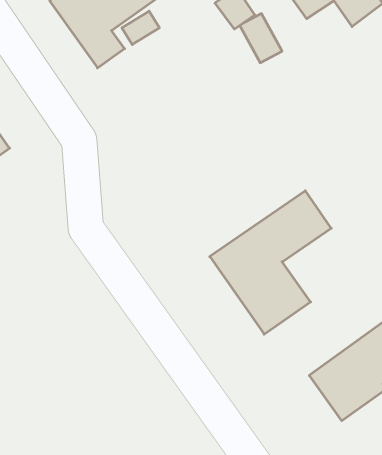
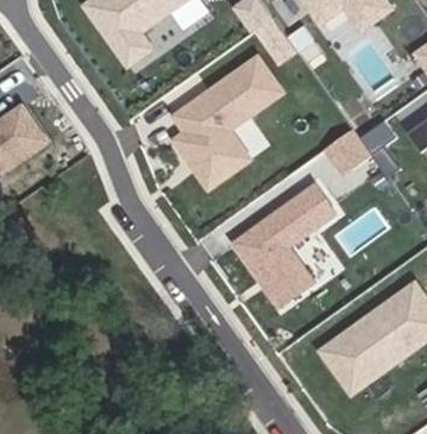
building: none -> [175,56,281,185]
building: none -> [325,126,373,175]

